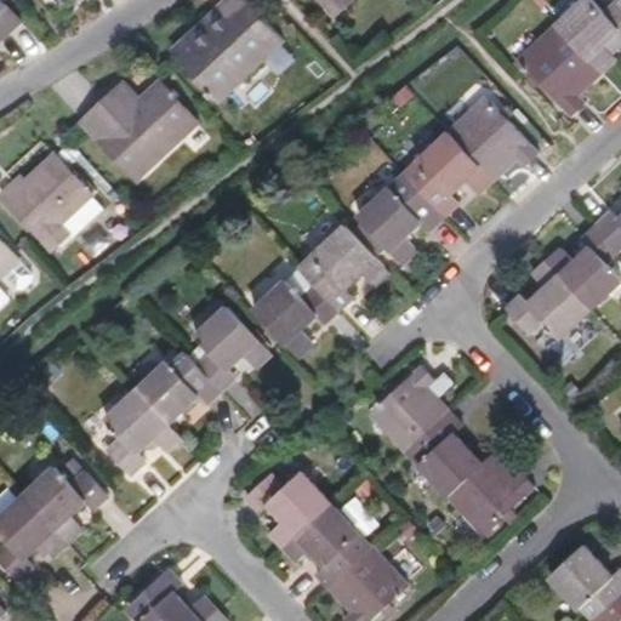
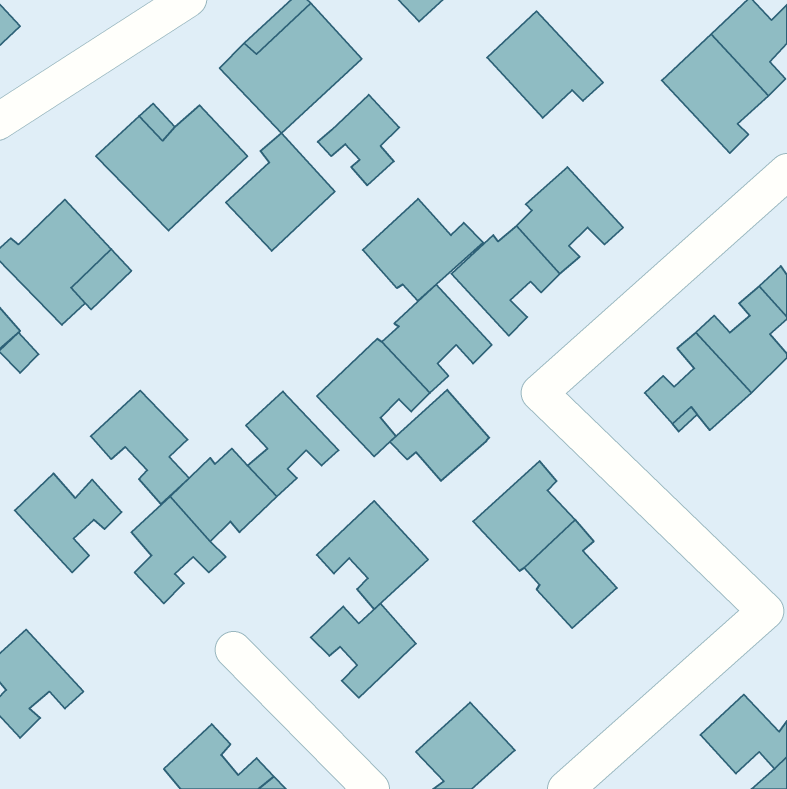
building: none -> [318,95,399,185]
building: [445,95,536,178] -> [487,11,603,118]
building: none -> [226,133,335,251]
building: none -> [363,199,483,301]
building: none -> [390,390,489,481]
building: none -> [91,391,189,504]
building: [449,452,536,531] -> none
building: [21,465,104,542] -> [15,473,122,572]
building: [281,505,369,589] -> [317,501,428,609]

